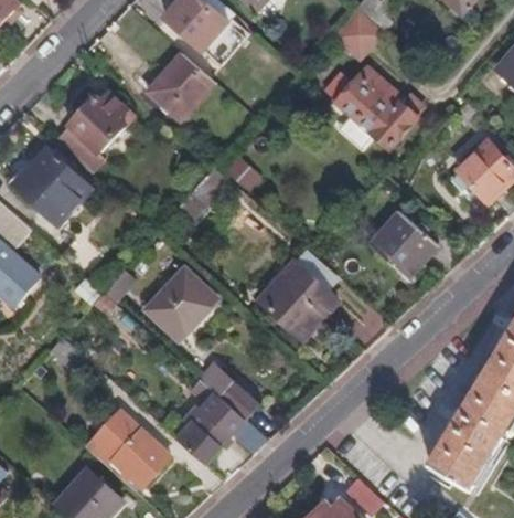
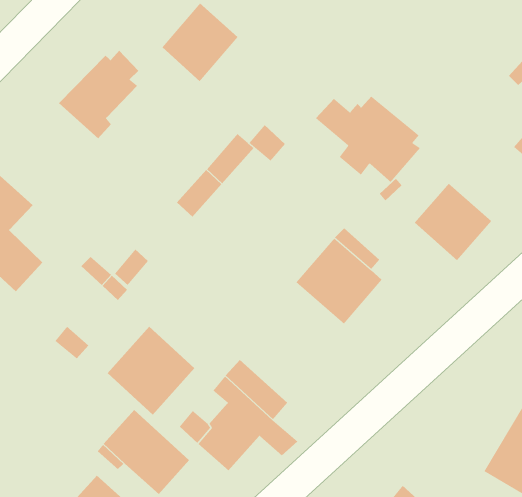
building: [321,71,415,148] -> [315,96,421,183]
building: [18,148,90,224] -> none
building: [148,269,226,349] -> [107,326,195,415]

